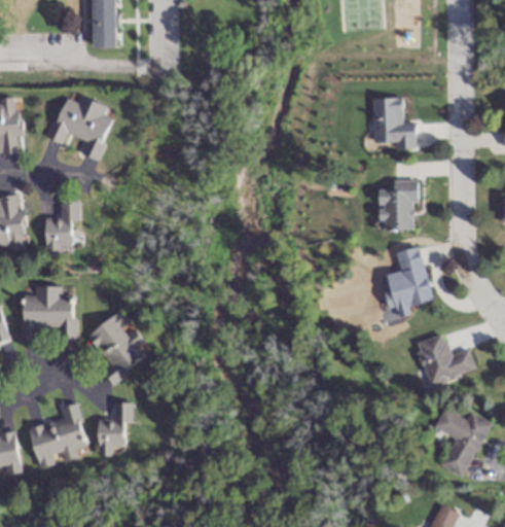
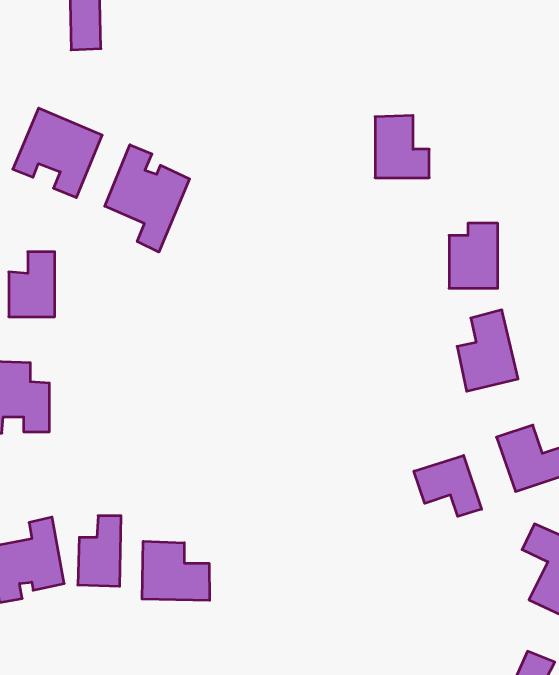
building: [373,97,414,144] -> [375,115,429,178]
building: none -> [105,145,190,252]
building: [87,312,149,384] -> none
building: none -> [414,455,482,516]
building: none -> [142,541,210,600]

